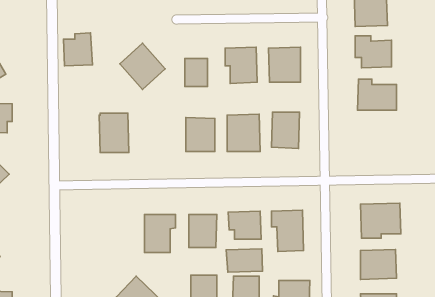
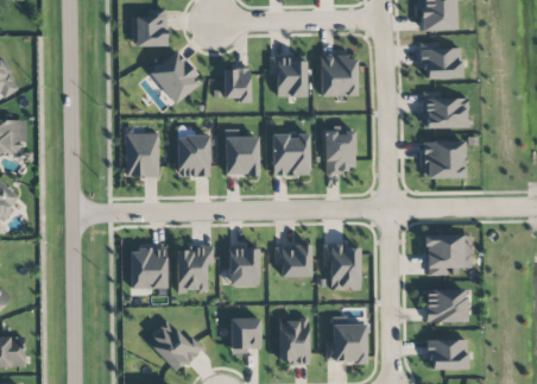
building: [64,33,93,66] -> [134,8,168,46]
building: none -> [177,134,210,176]
building: none -> [422,140,465,178]
building: none -> [129,247,168,288]
building: [226,249,263,272] -> none

